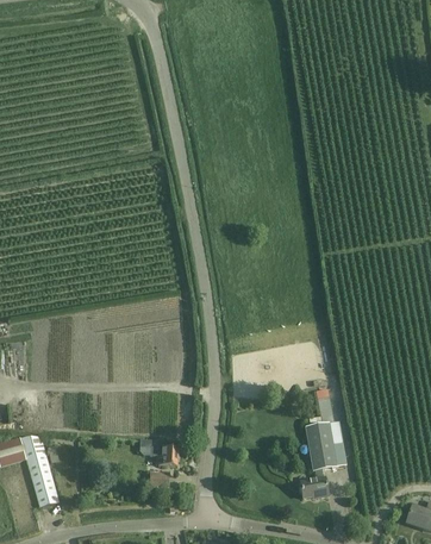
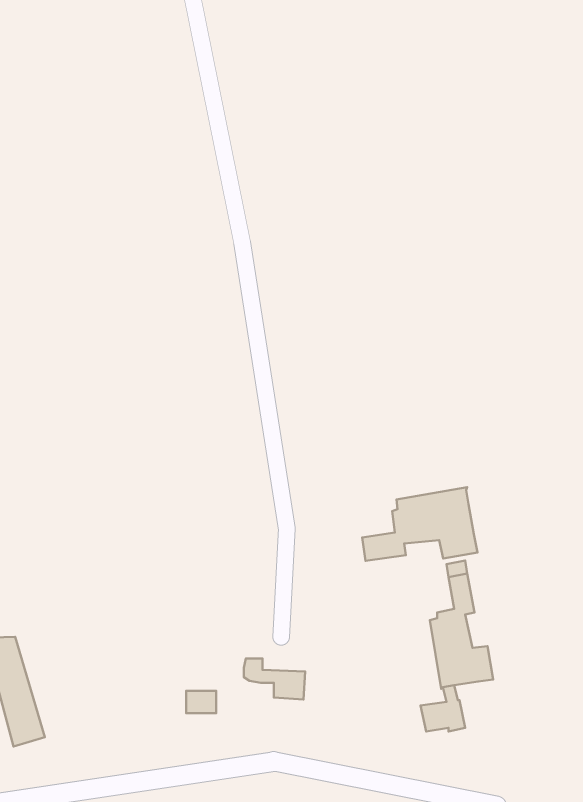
building: none -> [362,487,477,561]
building: [138,439,177,465] -> [244,659,305,699]

